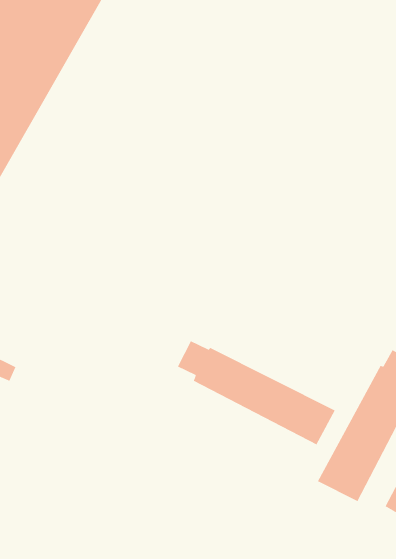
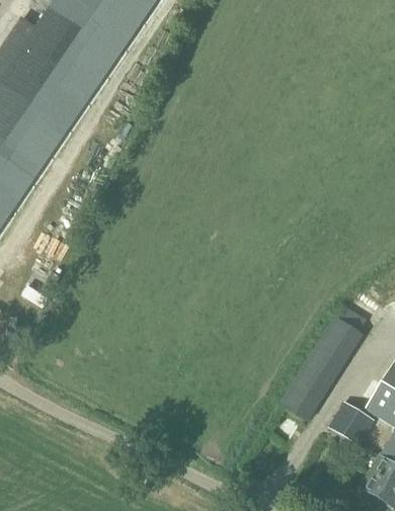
building: [177,340,336,445] -> none

